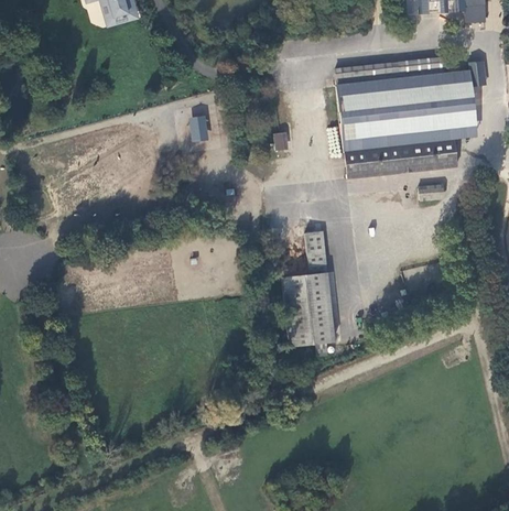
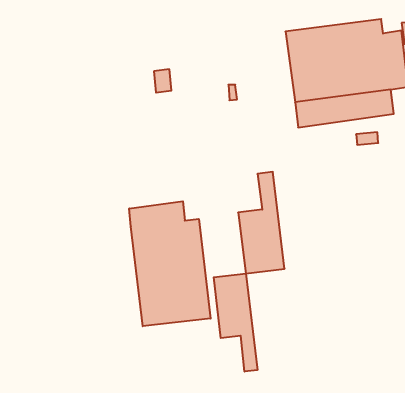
building: none -> [129,201,211,326]
building: none -> [214,274,257,372]

